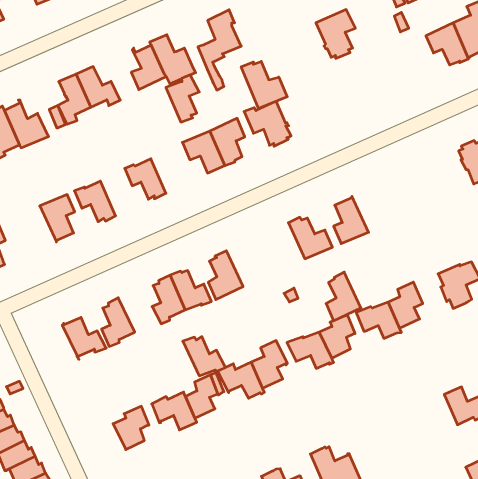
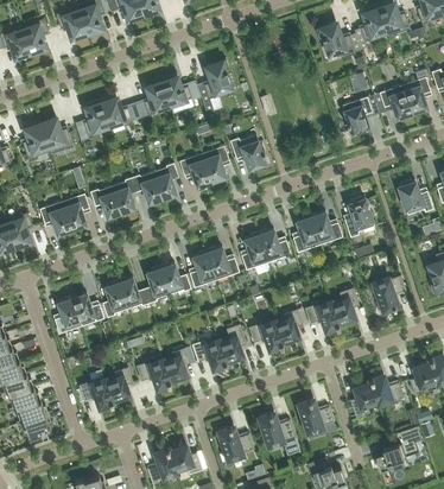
building: [316,10,355,58] -> [342,96,373,134]
building: [241,61,287,108] -> none
building: [166,75,199,122] -> [153,163,179,199]
building: none -> [344,197,374,236]
building: none -> [112,177,137,214]
building: none -> [310,211,343,244]
building: none -> [39,201,72,234]
building: none -> [207,246,240,279]
building: [326,272,361,321] -> [241,231,268,269]
building: none -> [55,297,82,334]
building: [183,337,226,376] -> [118,277,150,307]
building: none -> [350,382,378,417]
building: none -> [78,379,114,407]
building: none -> [298,399,334,432]

